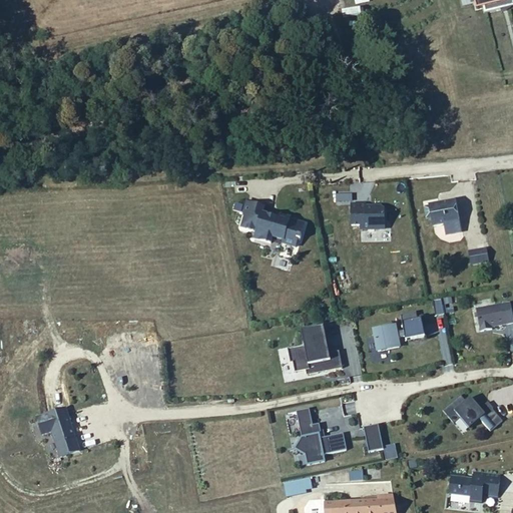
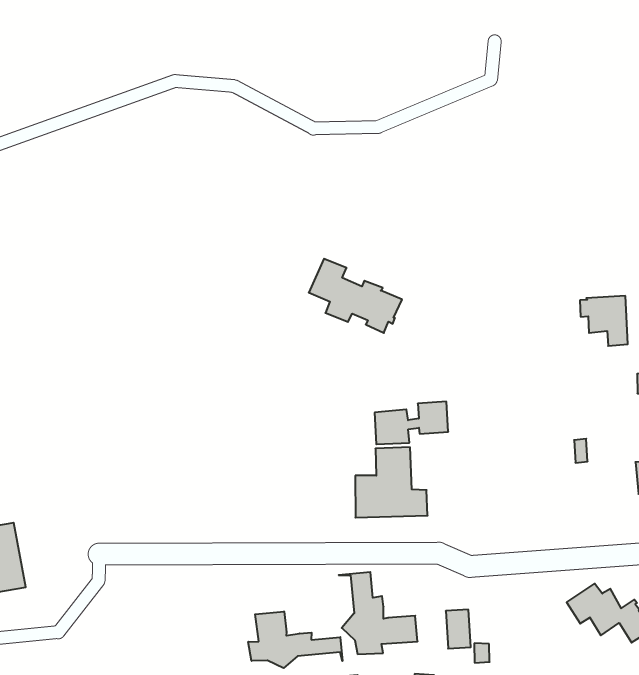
building: [351,202,385,228] -> none
building: [374,316,425,351] -> [375,402,448,444]
building: none -> [248,611,342,668]

